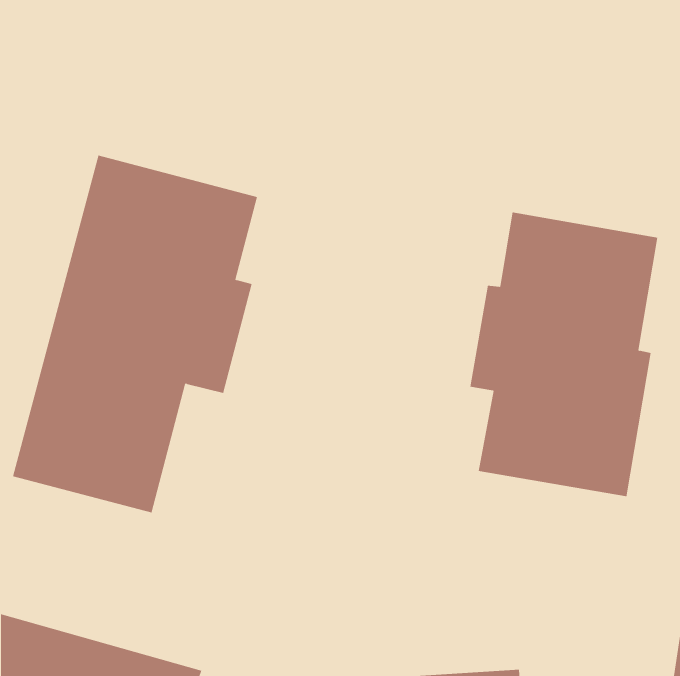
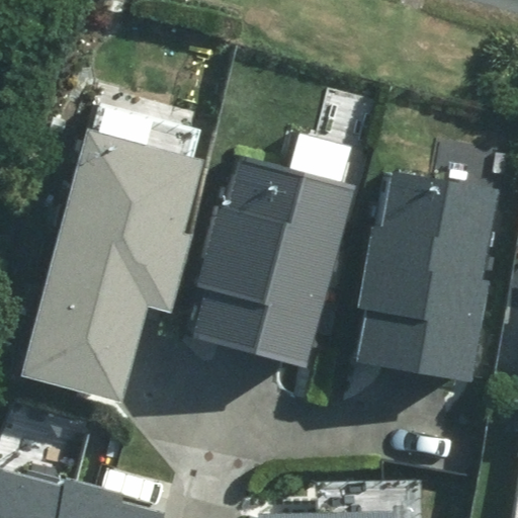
building: none -> [199,159,350,358]

